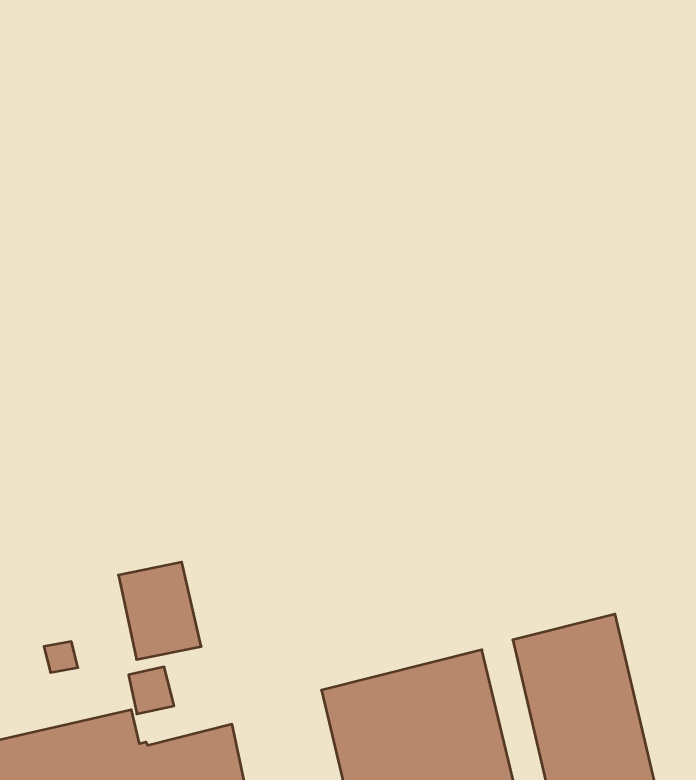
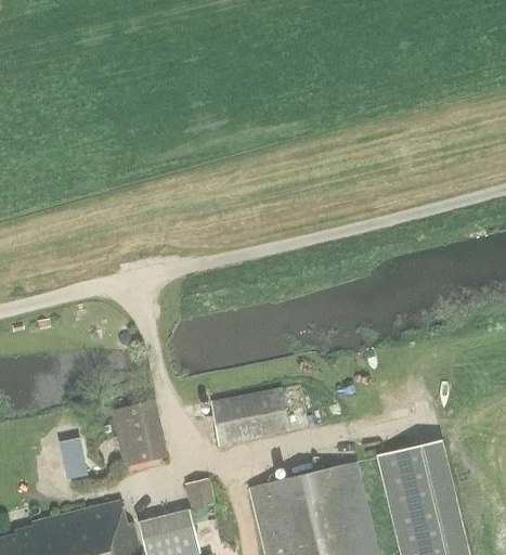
building: none -> [208,388,288,447]
building: [129,667,174,714] -> [183,479,213,511]

